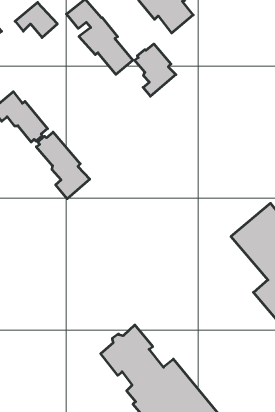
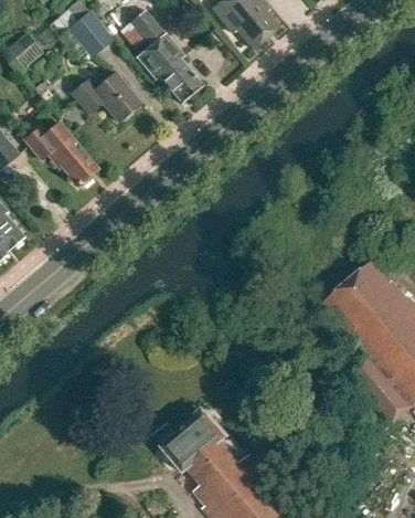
building: [135,44,176,96] -> none
building: none -> [76,70,140,121]
building: [36,132,90,199] -> none

